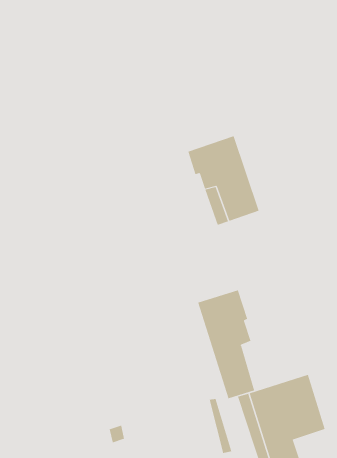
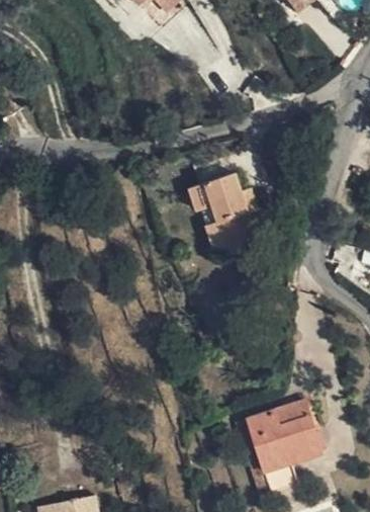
building: [198,289,255,399] -> none

